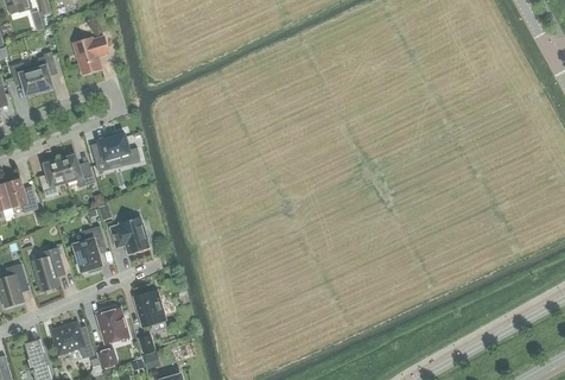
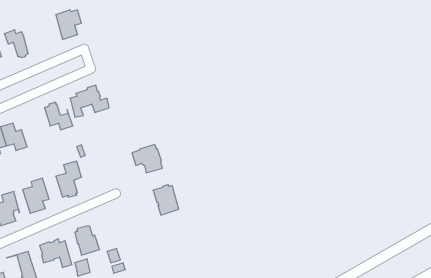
building: [33,51,56,91] -> none
building: [40,158,66,198] -> none
building: [110,217,148,253] -> [132,144,162,173]
building: [133,289,165,327] -> [153,185,179,215]

